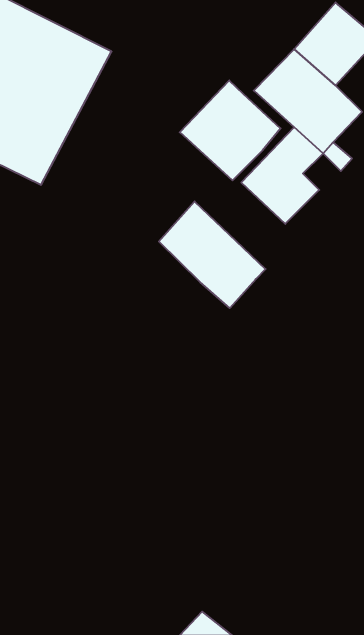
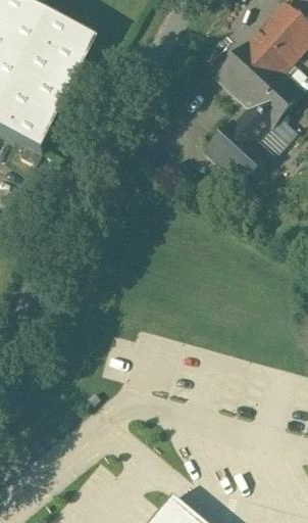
building: [180,80,281,180] -> none
building: [159,201,266,308] -> none

